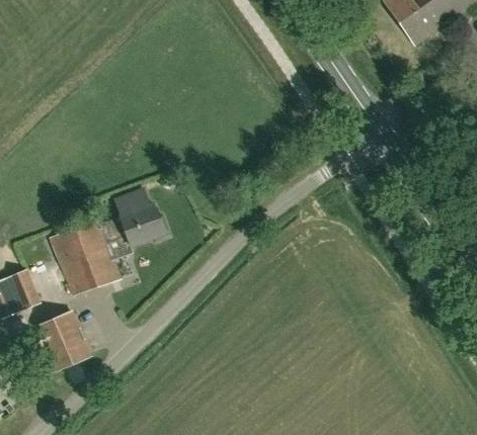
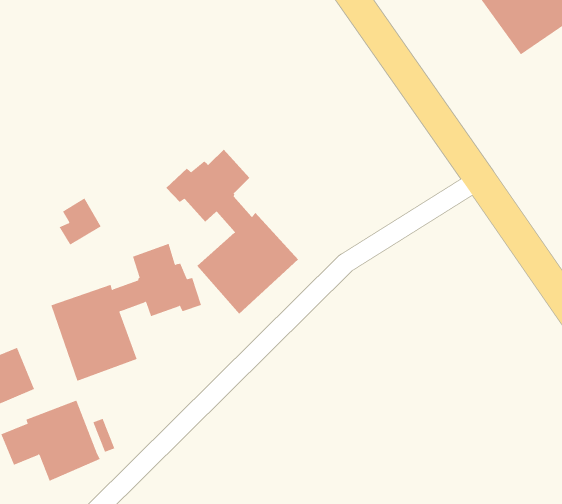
building: none -> [165,149,299,314]
building: none -> [59,197,102,246]

